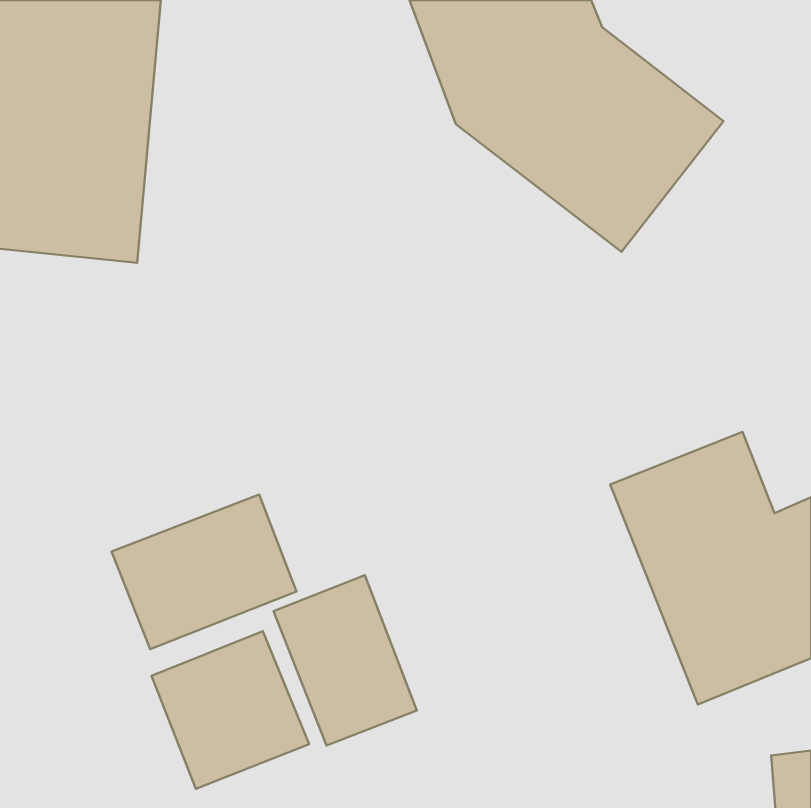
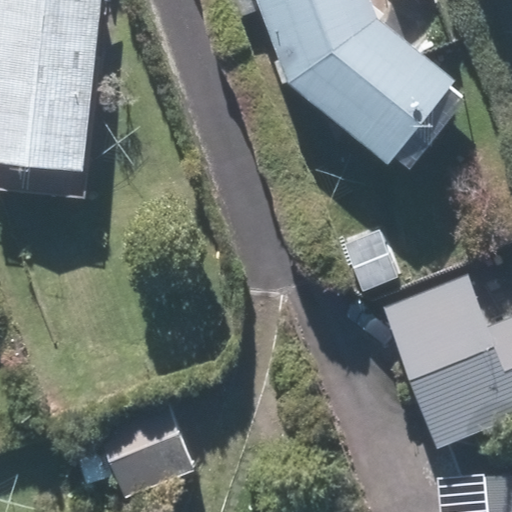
building: [112,495,297,649] -> none
building: [274,575,417,746] -> none

